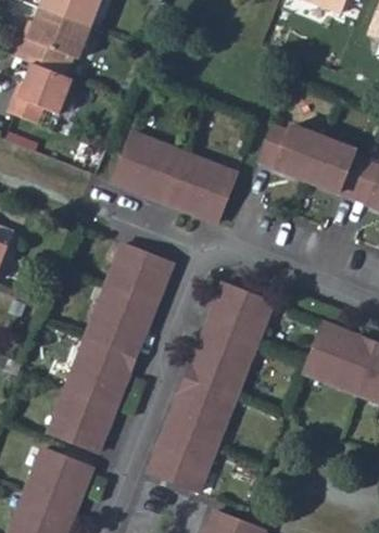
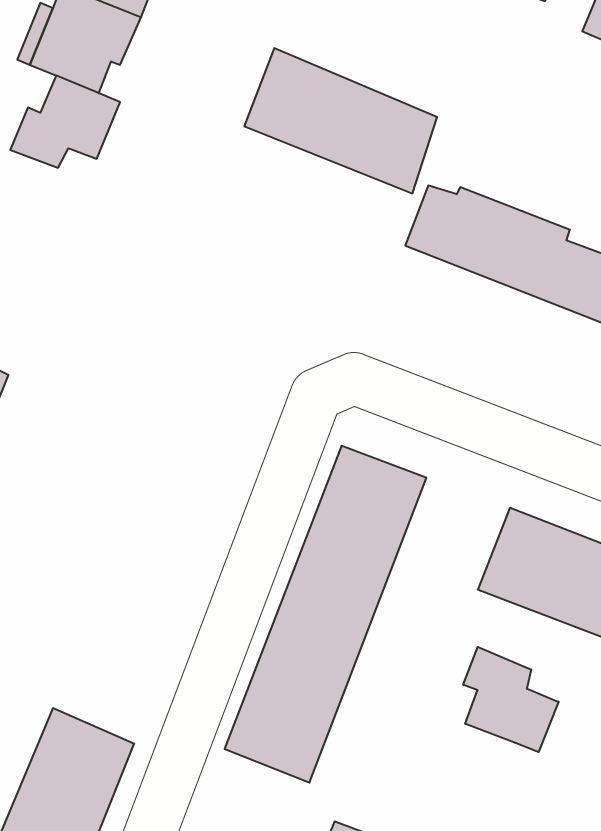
building: [117,132,236,221] -> [244,48,437,193]
building: [48,242,176,449] -> none
building: none -> [463,647,559,752]

